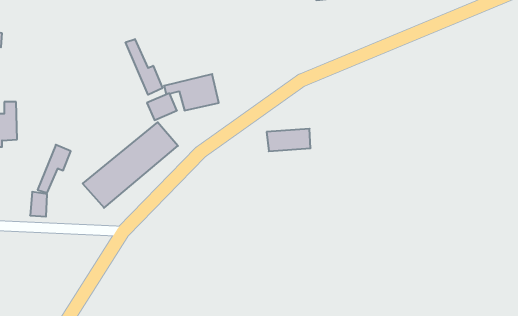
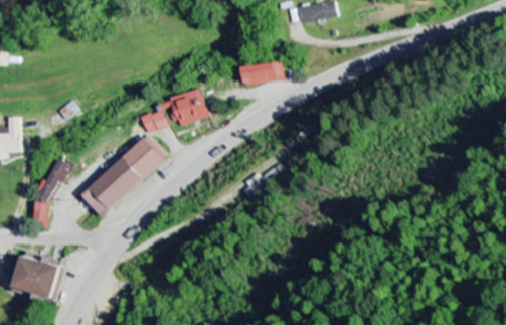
building: [126,39,162,95] -> none
building: [267,129,311,151] -> [241,62,283,84]
building: none -> [14,256,60,298]

